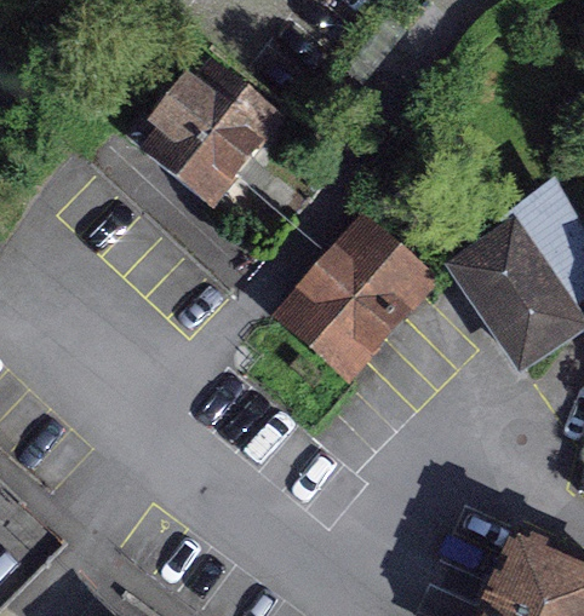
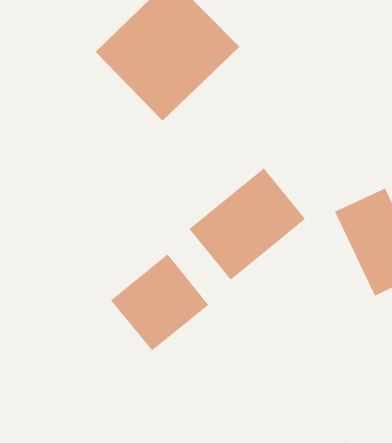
building: none -> [110,253,209,351]

